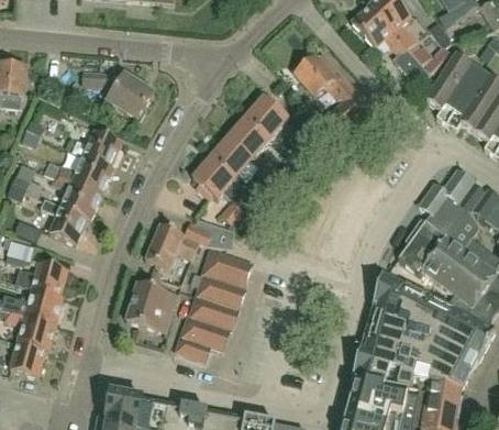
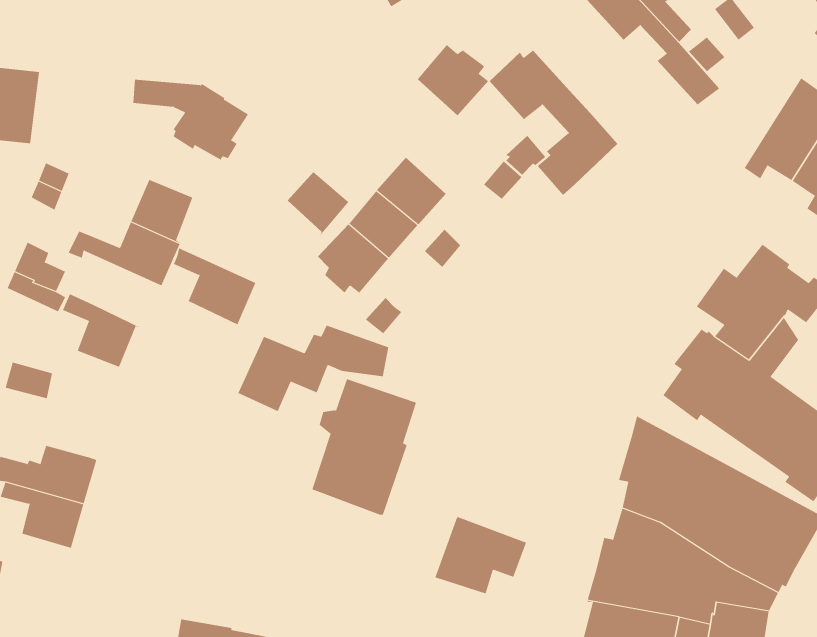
building: [426,54,480,123] -> none
building: [245,96,288,139] -> [417,44,489,116]
building: none -> [287,171,349,237]
building: [51,173,100,219] -> [173,248,256,325]
building: [31,262,65,297] -> none
building: [126,282,177,330] -> none
building: [175,315,230,361] -> [434,517,527,594]
building: [9,341,46,376] -> none

